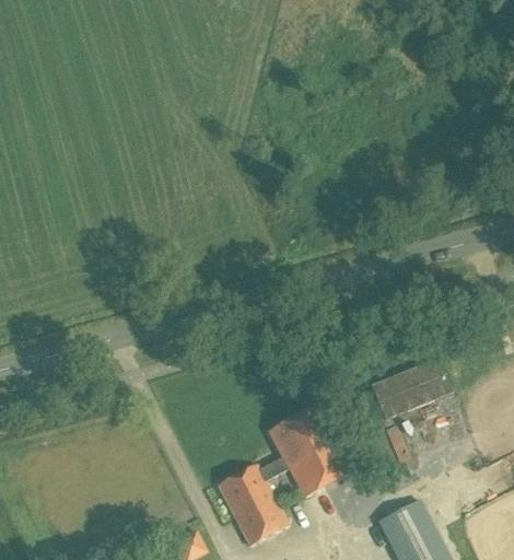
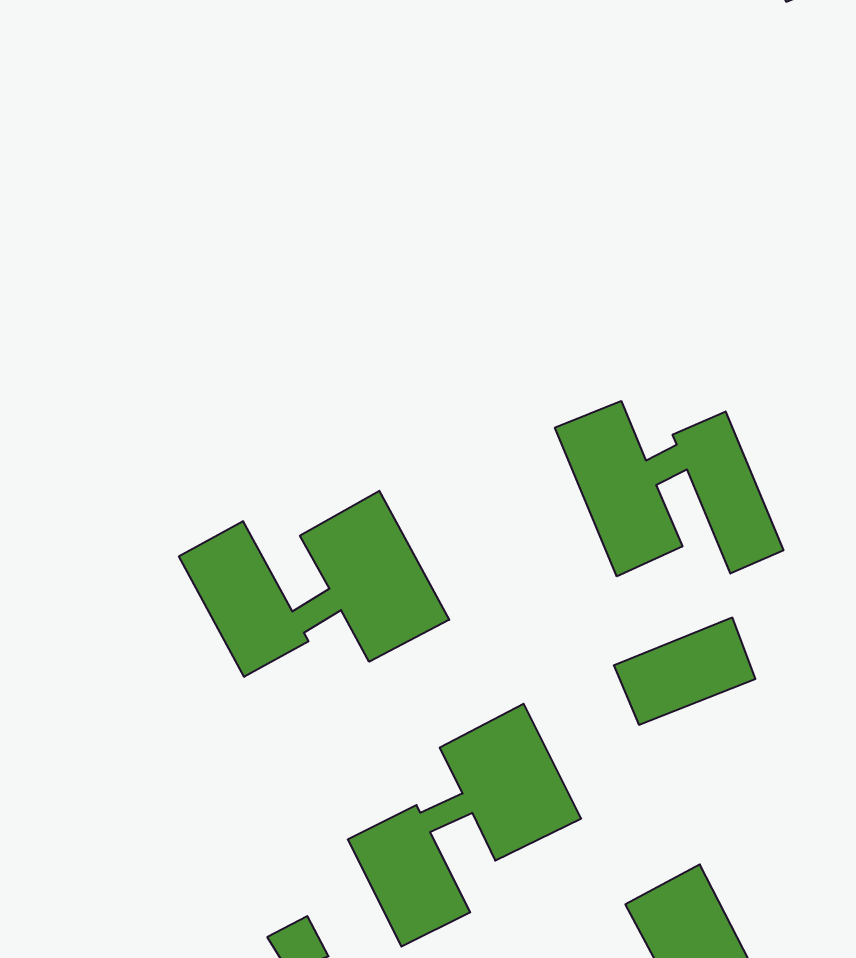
building: none -> [555,401,783,576]
building: none -> [179,491,449,677]

